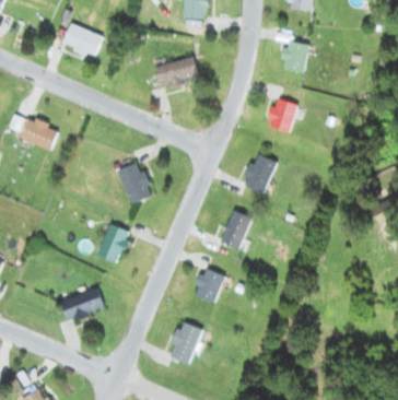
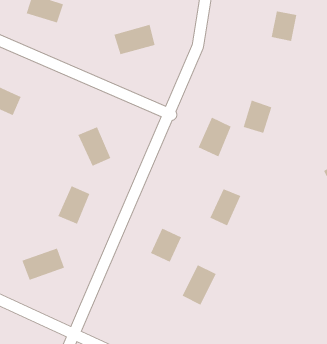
building: [281,40,308,72] -> [271,11,297,41]
building: [267,97,297,132] -> [243,100,272,134]
building: [220,210,253,249] -> [210,188,241,226]
building: [167,321,203,364] -> [182,264,217,305]

